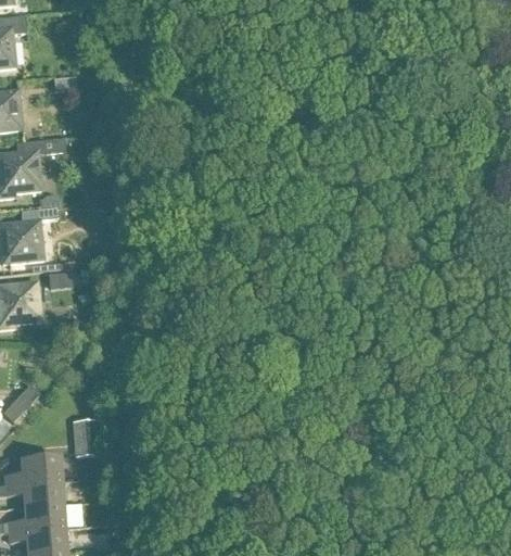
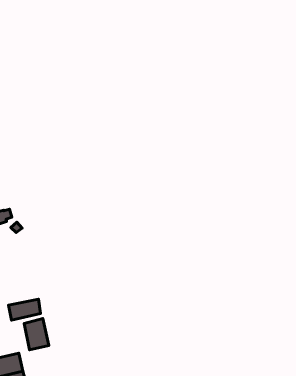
building: none -> [8,299,41,320]

